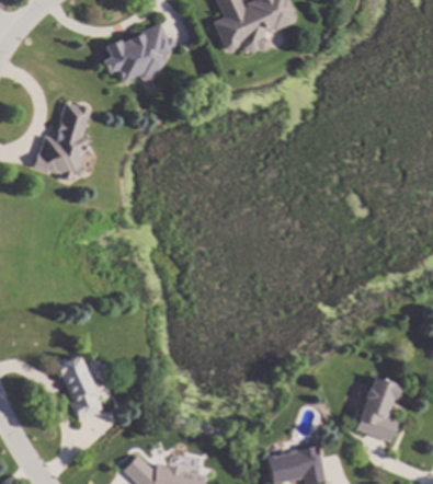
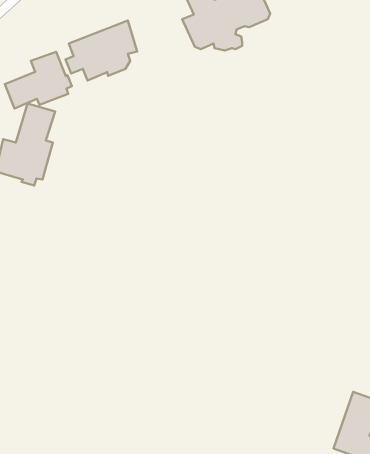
building: none -> [5,52,72,109]
building: [56,354,103,418] -> none

